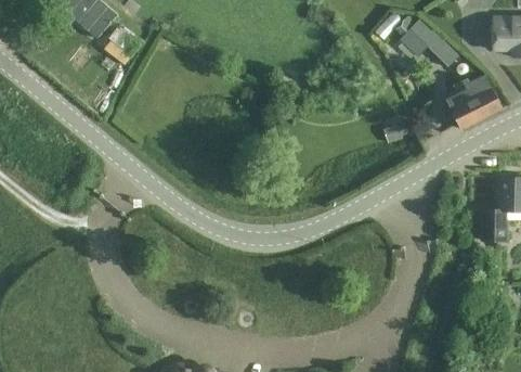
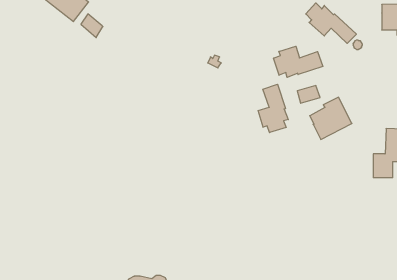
building: none -> [274,46,323,77]
building: [446,74,500,128] -> [310,97,352,139]
building: none -> [258,84,288,133]

